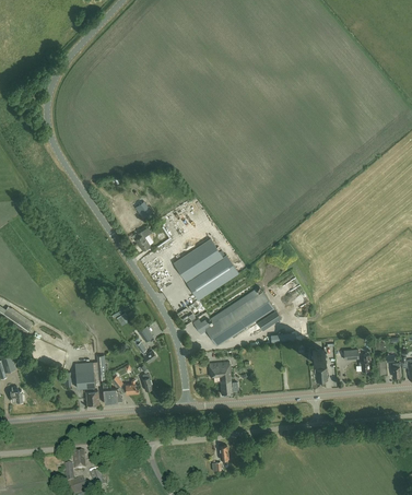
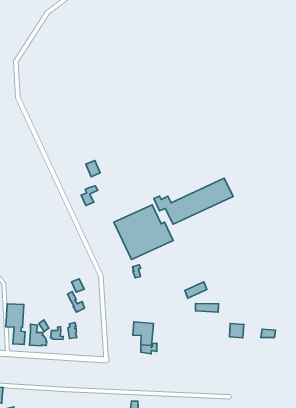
building: [192,291,274,346] -> [154,178,233,224]

